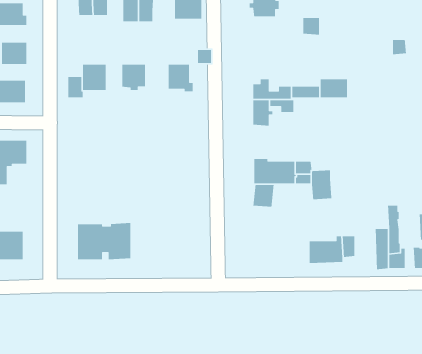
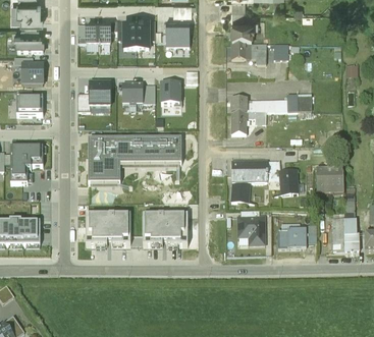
building: none -> [231,45,266,64]
building: none -> [90,141,181,184]
building: none -> [317,170,343,195]
building: none -> [143,215,188,246]
building: none -> [237,216,265,245]

